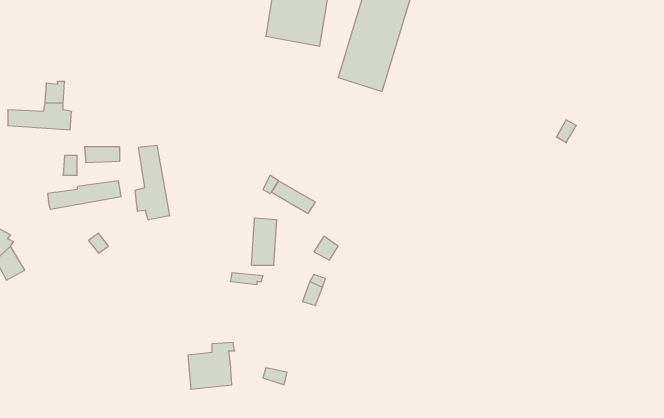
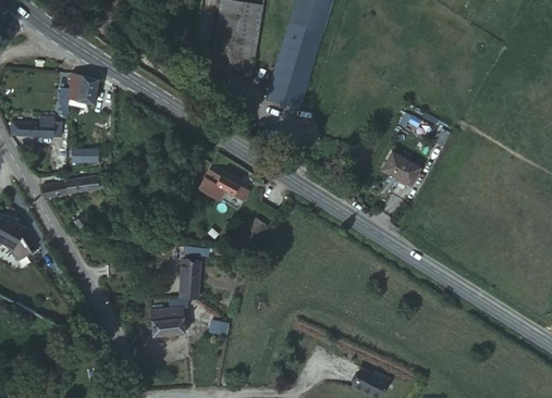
building: none -> [70,74,98,105]
building: [135,145,169,220] -> none
building: none -> [382,153,419,186]
building: [251,218,277,265] -> [180,263,199,299]

